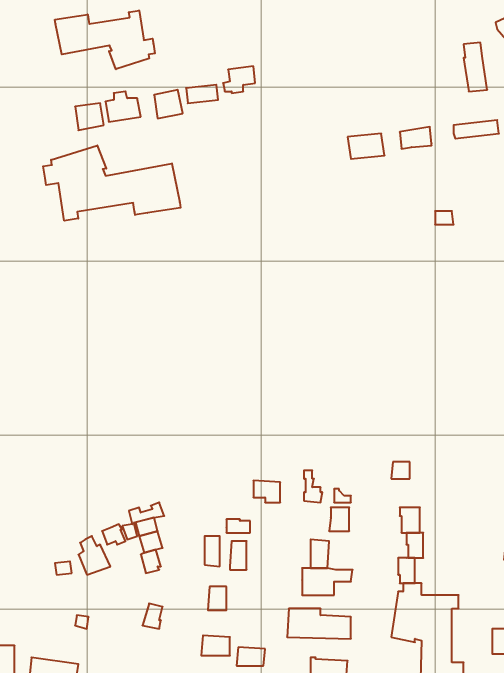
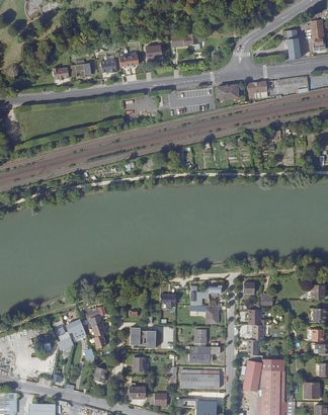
building: [55,10,155,69] -> none
building: [43,145,181,221] -> none

